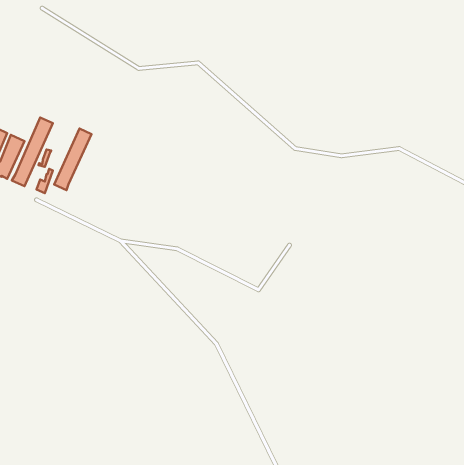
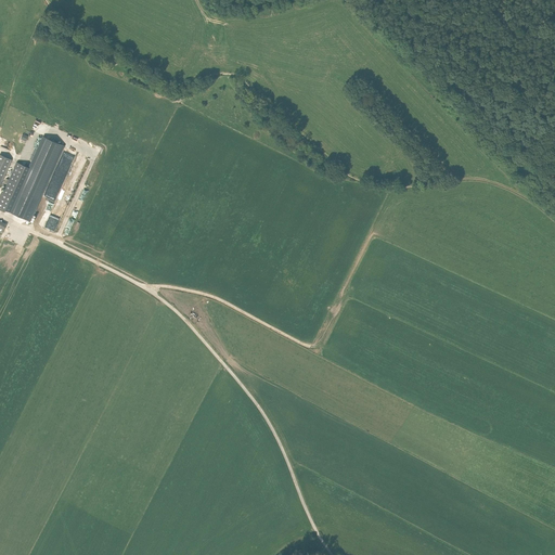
building: [54,129,92,190] -> none

